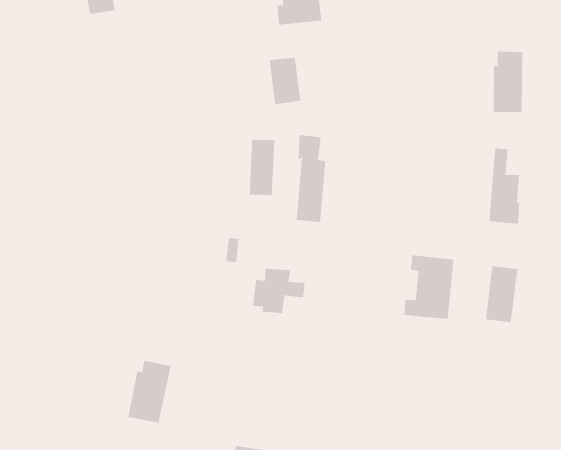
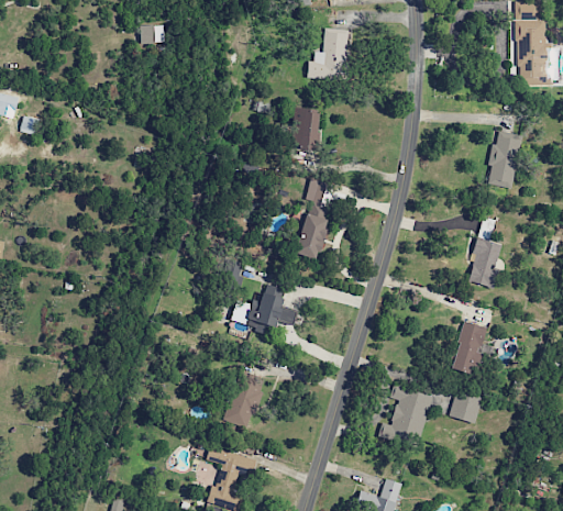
building: [249,139,275,196] -> none
building: [404,255,454,319] -> [378,385,431,447]
building: none -> [450,390,482,422]
building: [127,360,172,423] -> [220,370,266,429]

